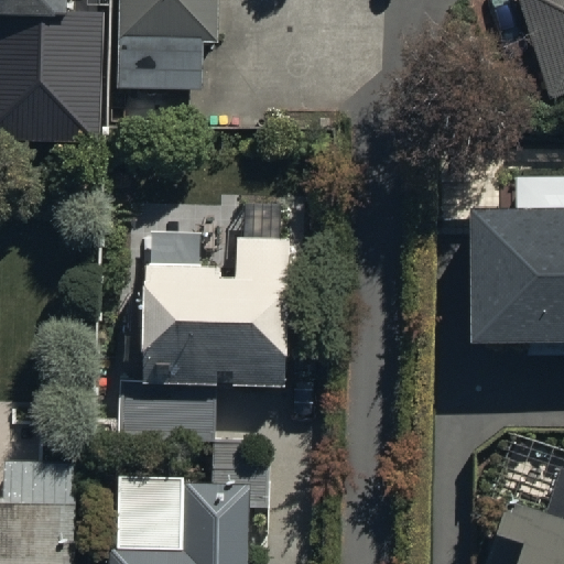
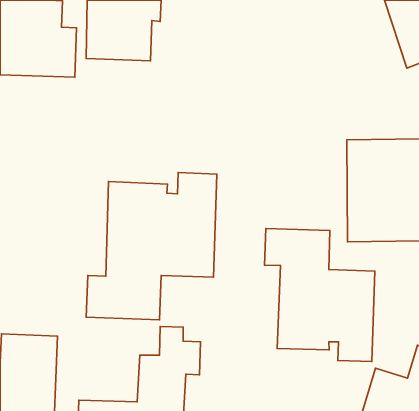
building: none -> [265,228,375,361]

